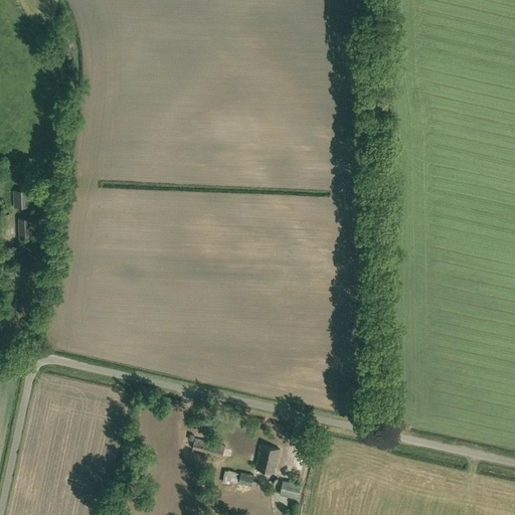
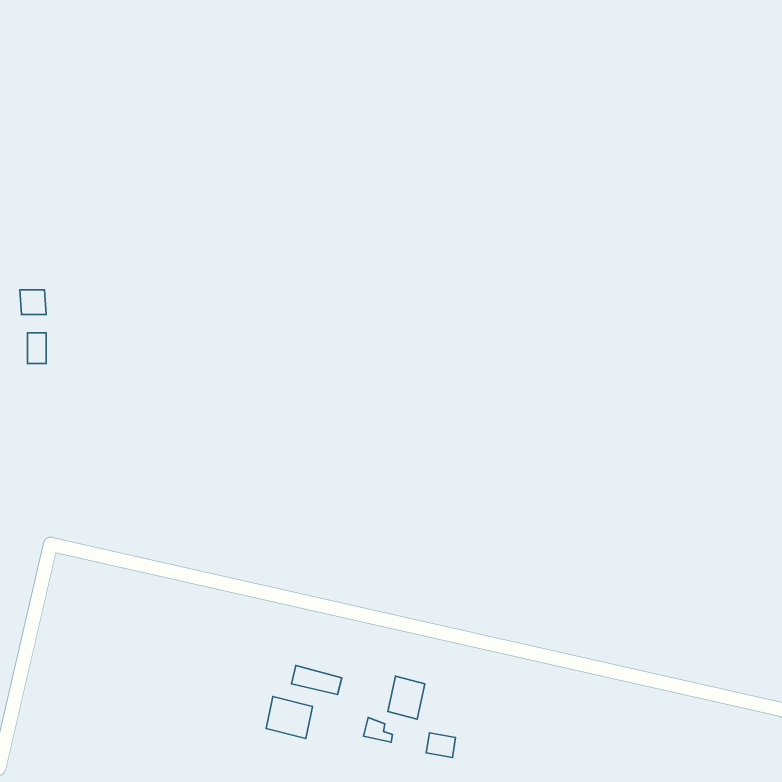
building: none -> [266,696,312,739]

